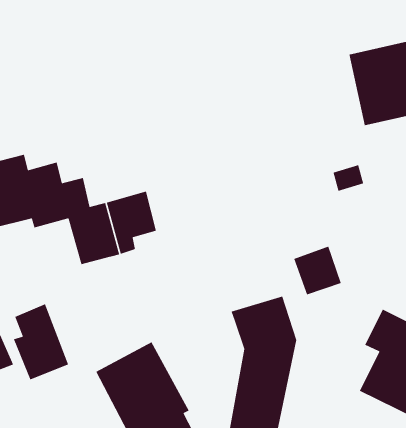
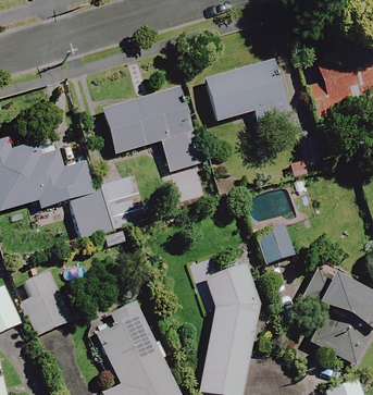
building: none -> [204,61,294,141]
building: none -> [101,87,198,171]

